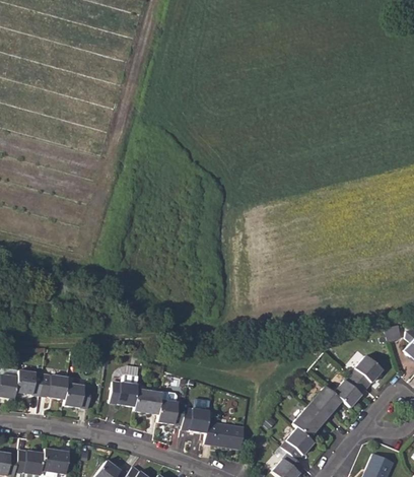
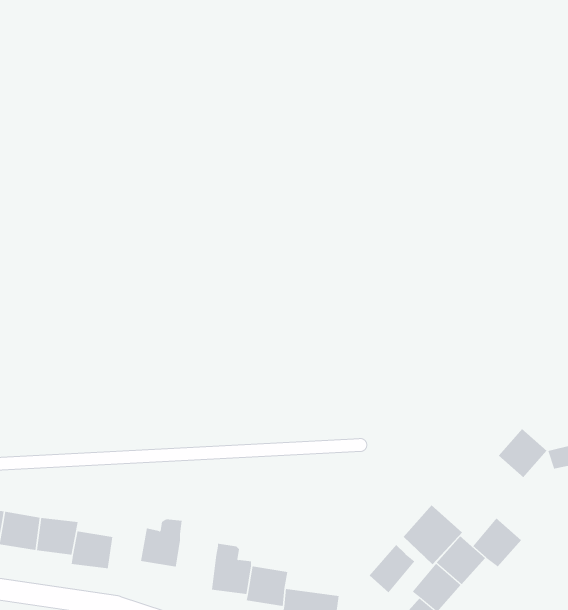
building: [350,355,384,389] -> [498,428,548,478]
building: none -> [403,504,463,565]
building: [135,389,162,415] -> none
building: none -> [369,544,415,593]

